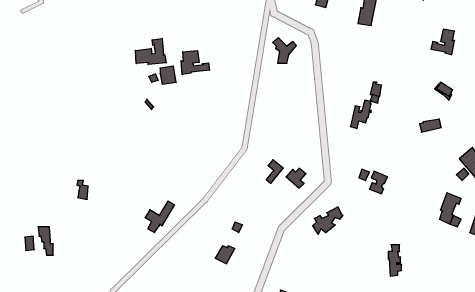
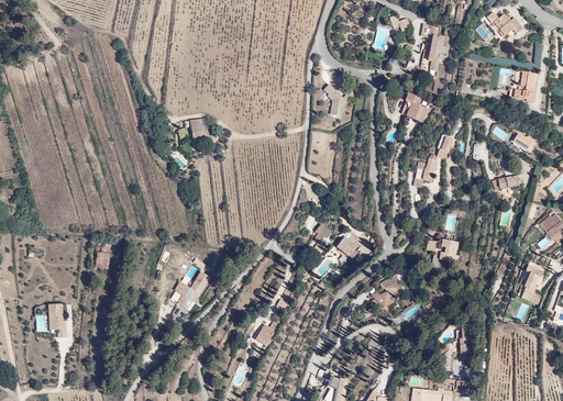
building: [136,38,166,65] -> none
building: none -> [399,92,426,121]
building: [181,51,210,75] -> none

